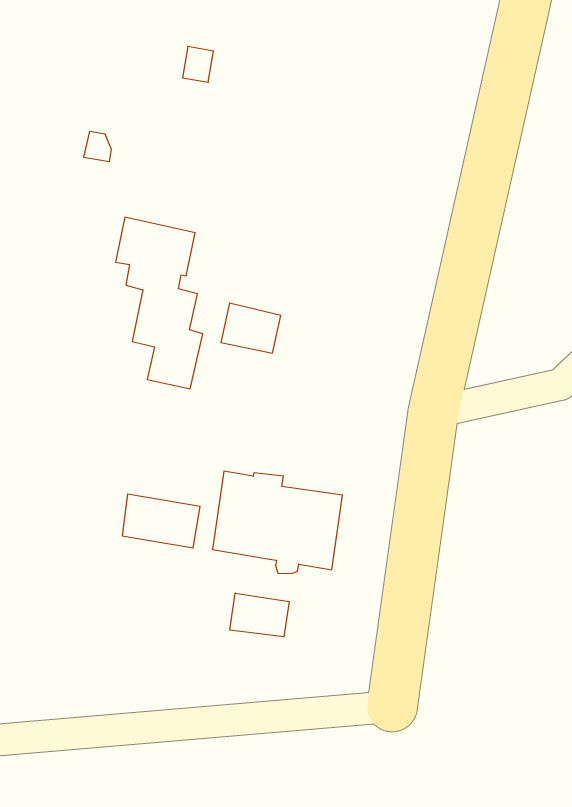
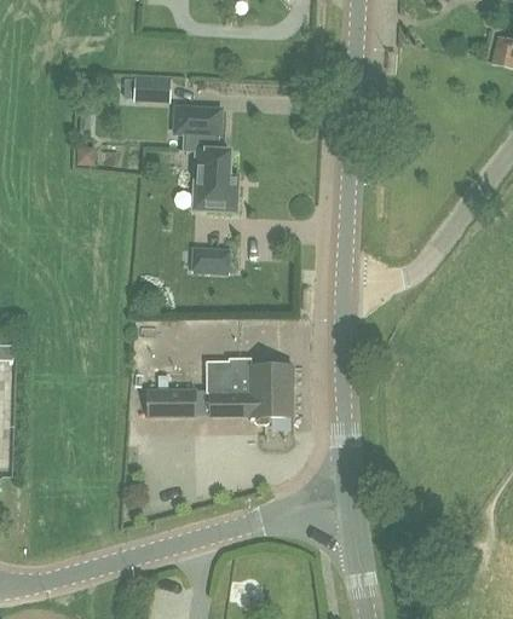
building: [116,217,203,389] -> [172,104,240,213]
building: [230,593,289,637] -> none

